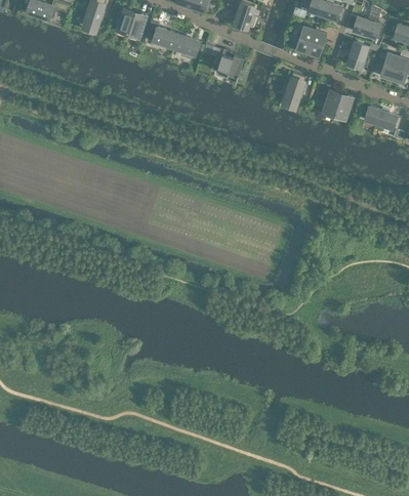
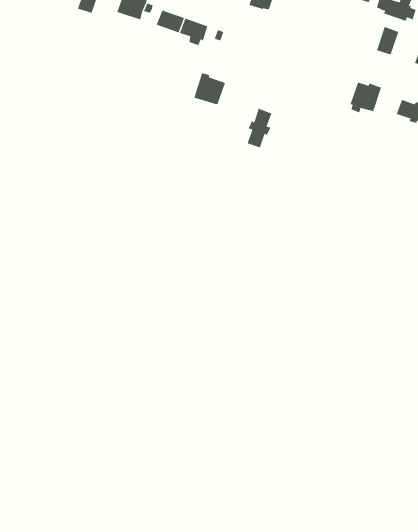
building: [296,28,326,55] -> none
building: [215,49,244,84] -> [193,72,226,112]
building: [282,73,304,109] -> [247,108,272,148]

